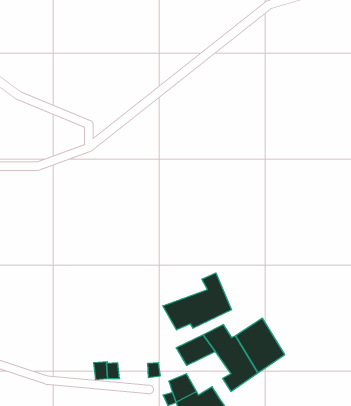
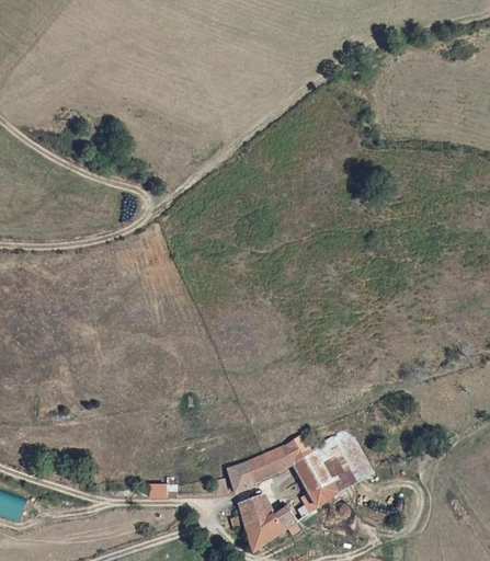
building: [163,273,231,330] -> none
building: none -> [226,462,257,494]

